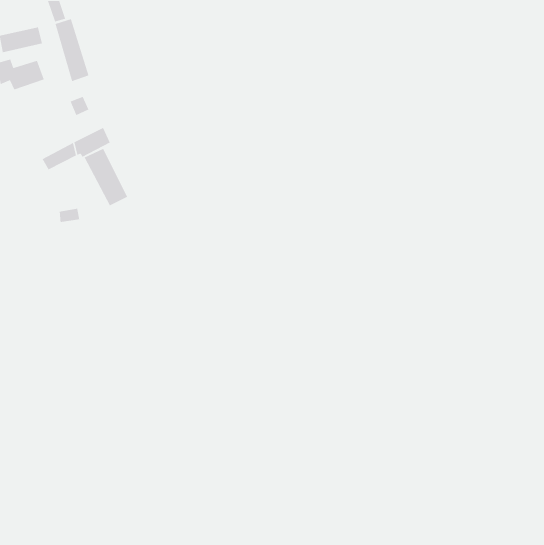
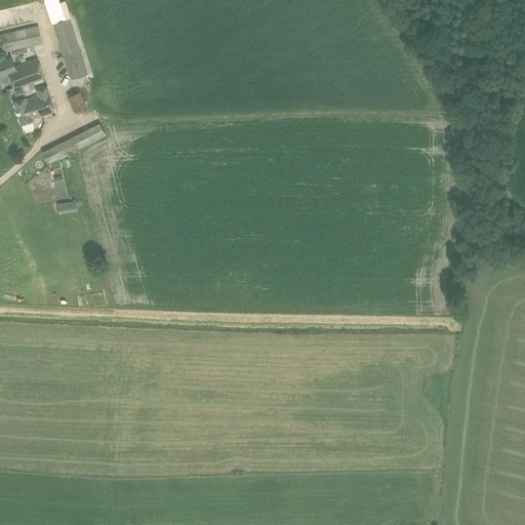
building: none -> [13,85,55,125]
building: [83,148,128,206] -> none

